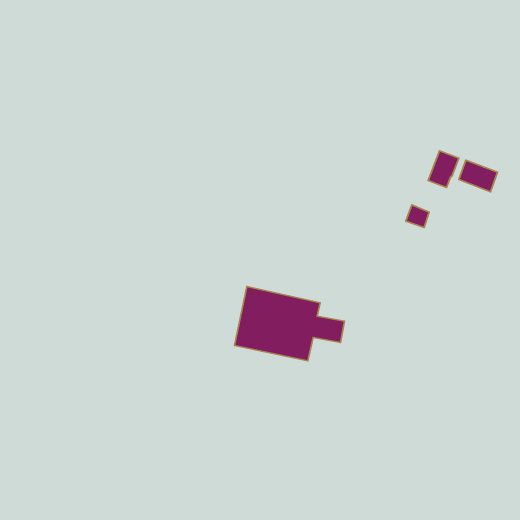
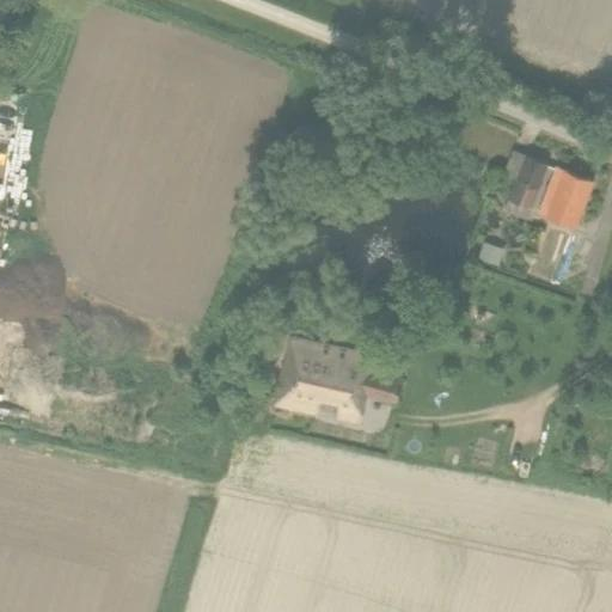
building: none -> [503,151,546,186]
building: none -> [546,167,592,203]

